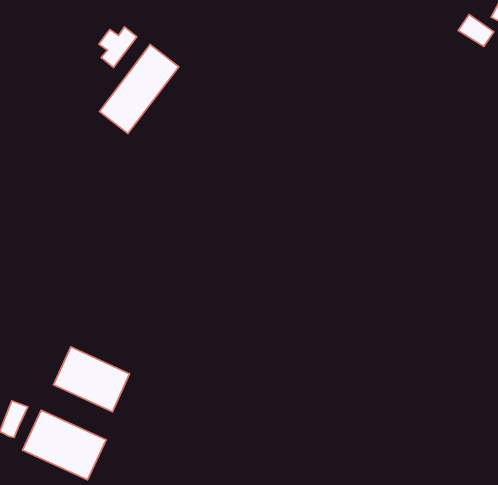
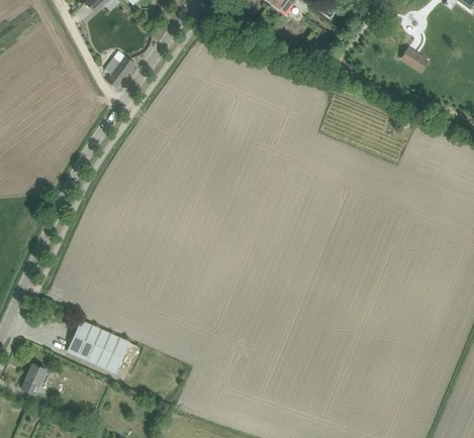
building: [99,45,179,133] -> none
building: [23,410,106,480] -> none

